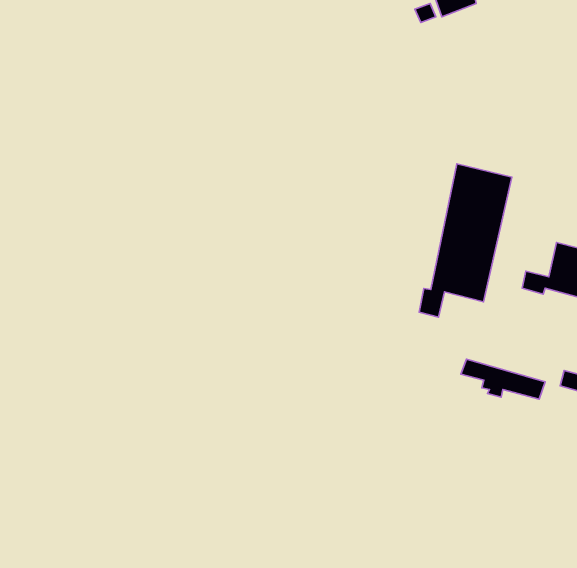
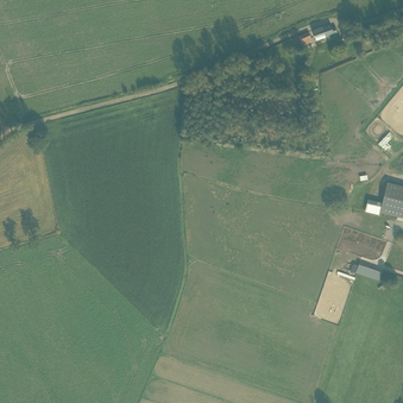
building: [419,164,512,317] -> none

